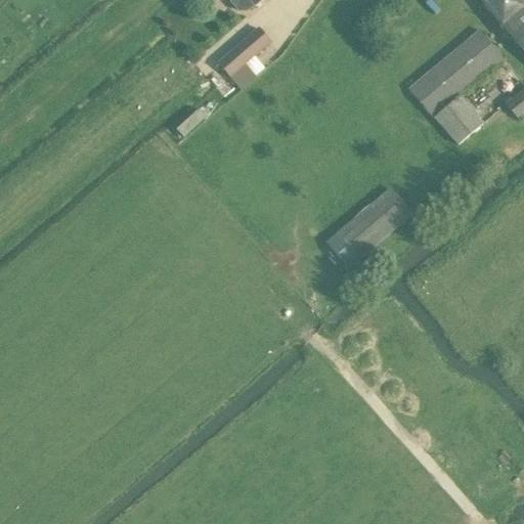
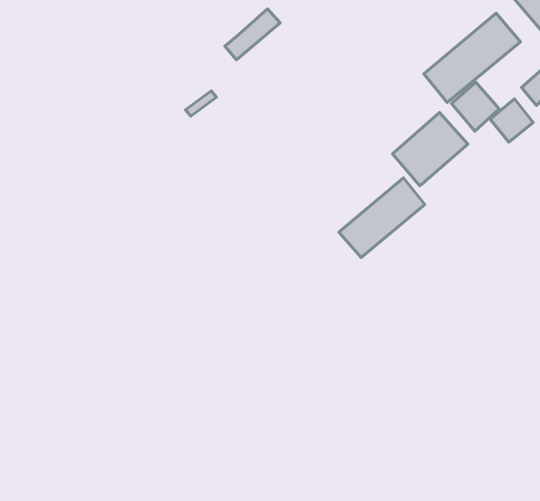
building: none -> [490,99,533,142]
building: none -> [393,113,468,186]

